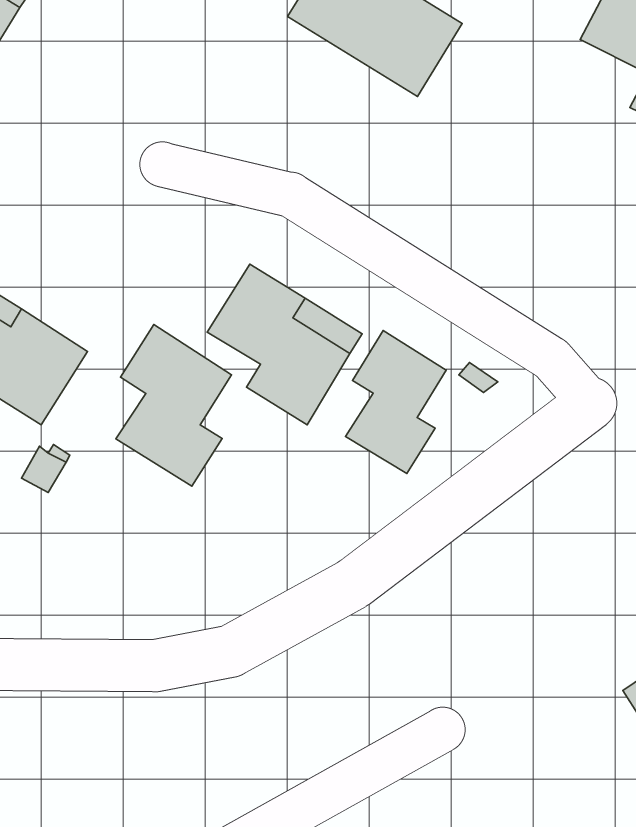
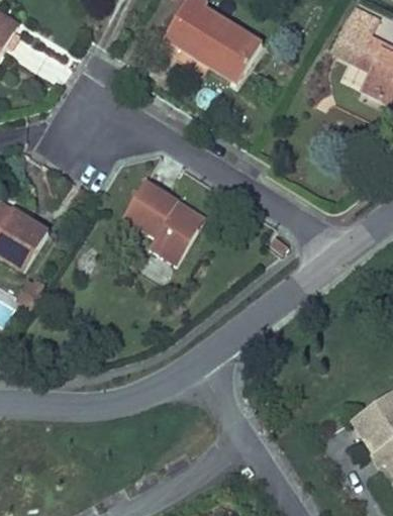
building: [116,324,232,486] -> none
building: [346,331,446,473] -> none

